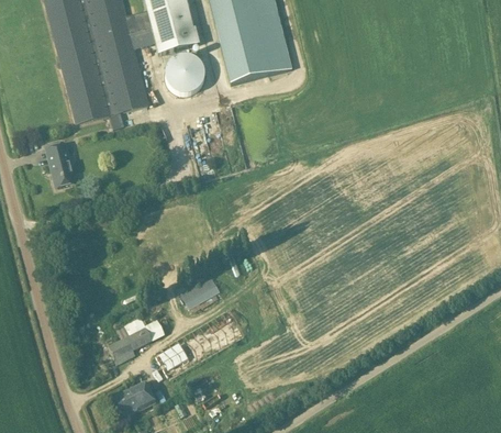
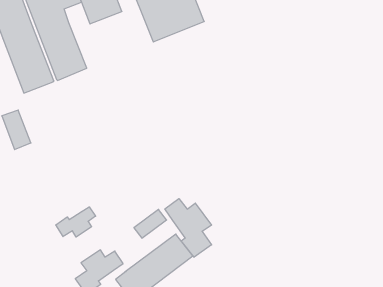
building: [170,51,205,96] -> none
building: none -> [56,207,96,237]
building: none -> [165,199,212,257]

